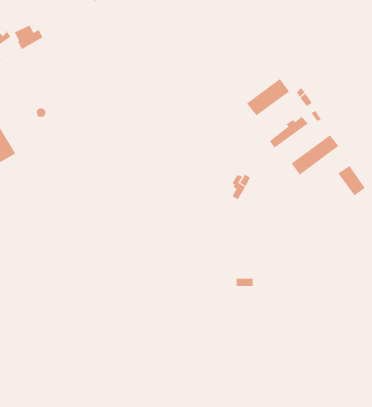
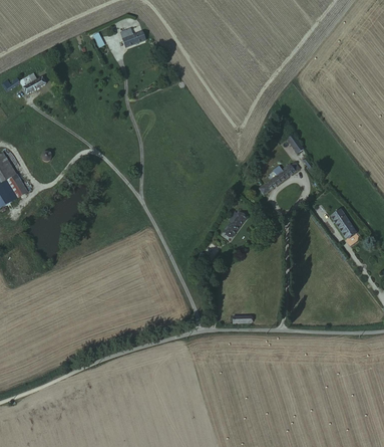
building: [246,78,290,116] -> none
building: [291,135,339,176] -> none

